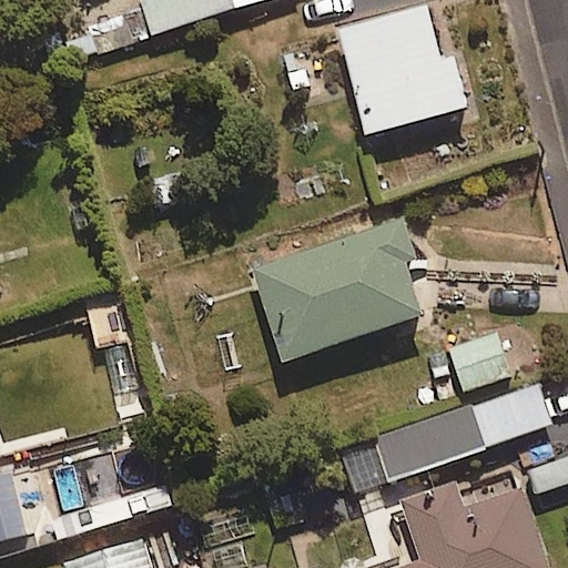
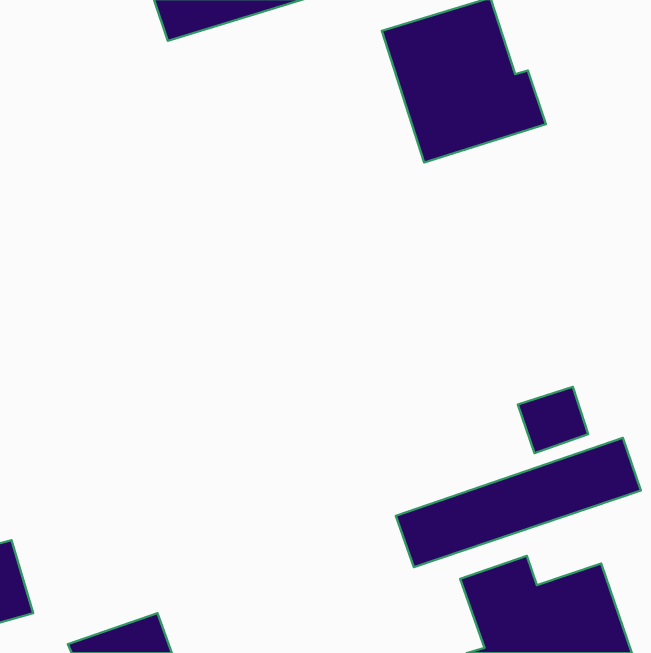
building: [251,219,422,363] -> none

